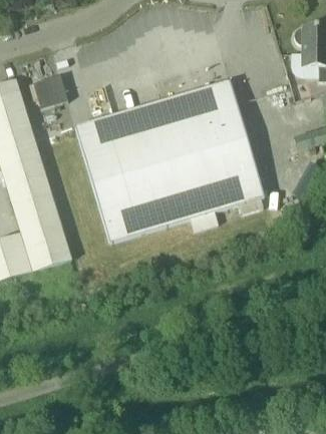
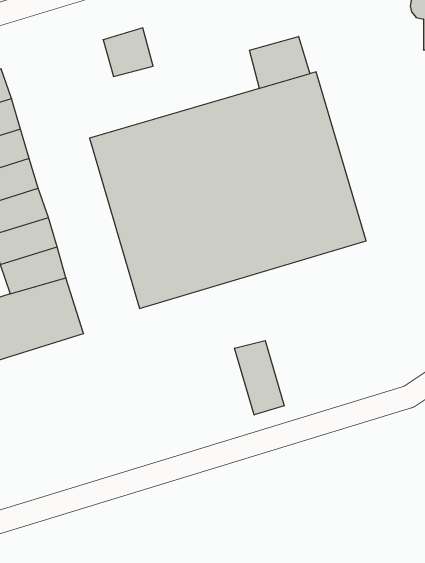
building: none -> [249,36,310,88]
building: [33,73,67,106] -> [103,28,153,76]
building: none -> [235,341,284,415]

